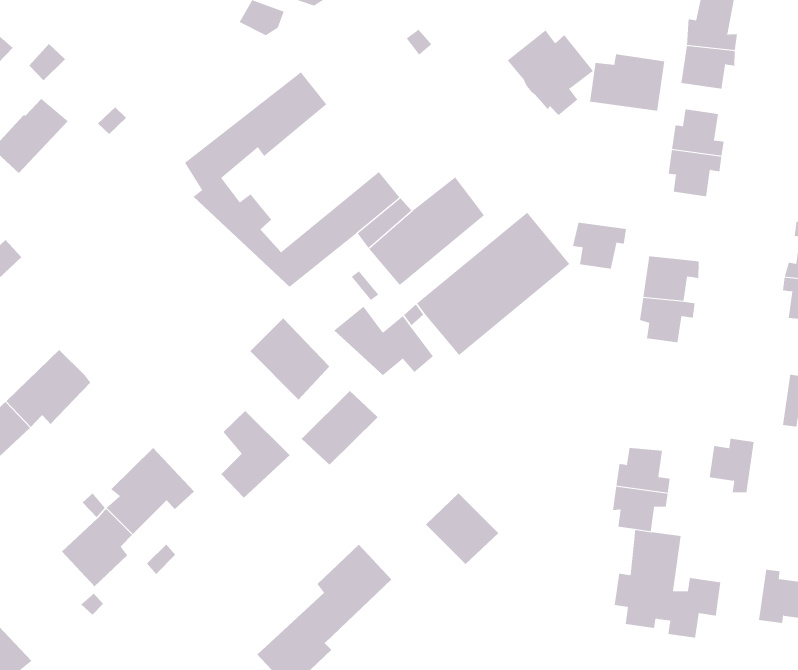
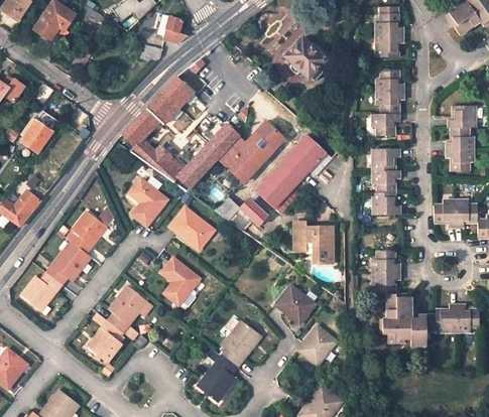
building: [589,54,665,112] -> none
building: [572,222,627,269] -> [371,113,398,135]
building: none -> [130,179,167,226]
building: none -> [71,211,107,253]
building: none -> [372,191,400,214]
building: none -> [293,222,333,262]
building: [301,390,378,466] -> none
building: [709,438,754,493] -> [434,199,455,228]
building: none -> [435,303,457,331]
building: none -> [297,325,337,365]

